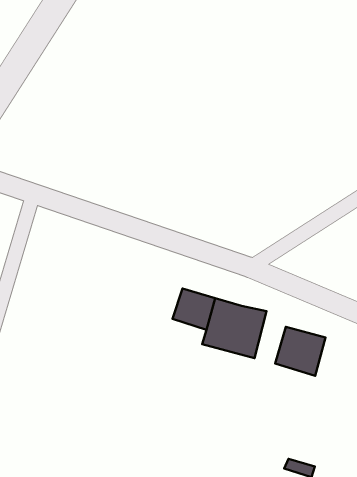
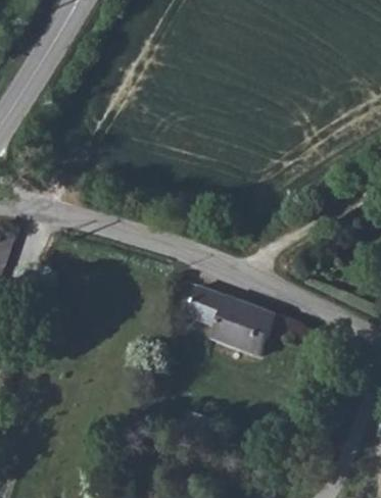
building: [275,327,325,376] -> none

